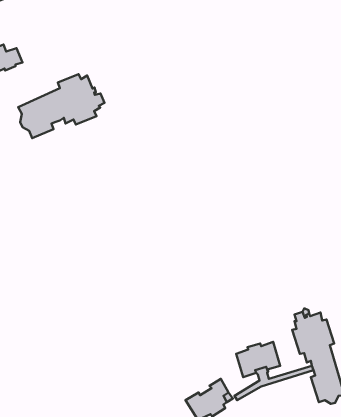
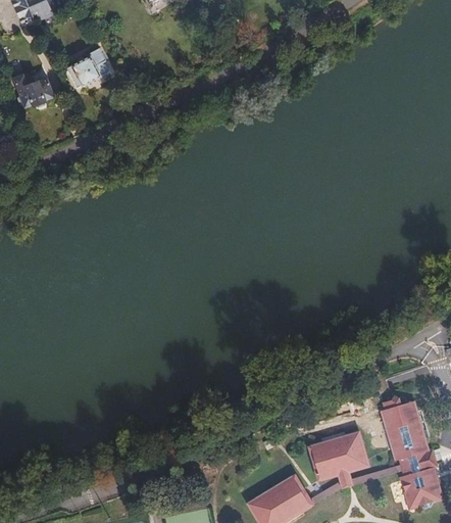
building: none -> [70,51,110,89]
building: [18,74,104,138] -> none

